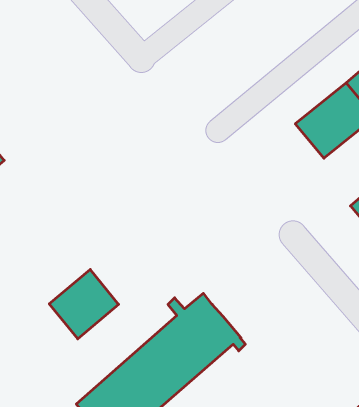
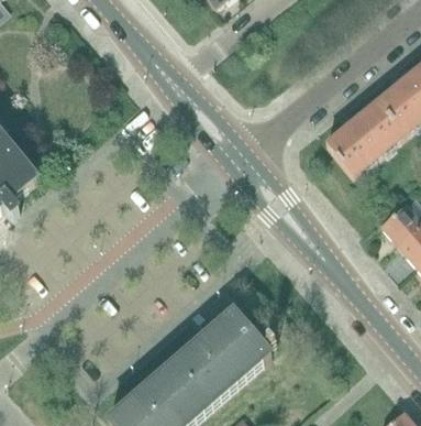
building: [49,269,119,339] -> none

